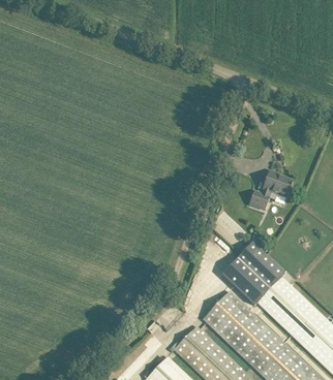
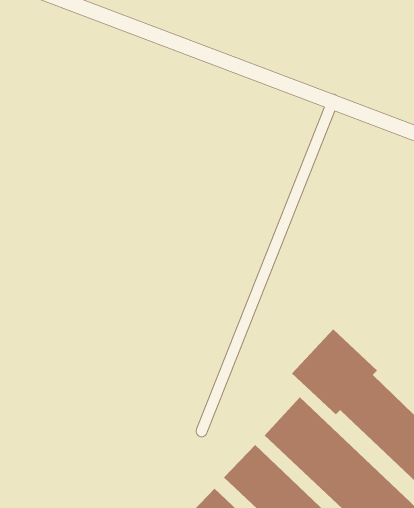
building: [249,170,293,210] -> none

